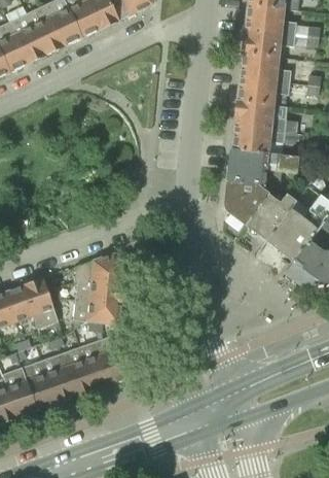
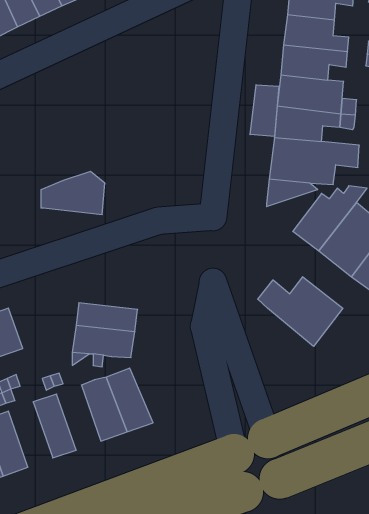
building: none -> [250,85,279,137]
building: [225,192,268,225] -> none
building: [75,252,125,286] -> [41,171,105,214]
building: none -> [258,277,343,346]
building: [22,278,59,330] -> none
building: [60,346,95,398] -> none
building: [22,360,57,411] -> none

